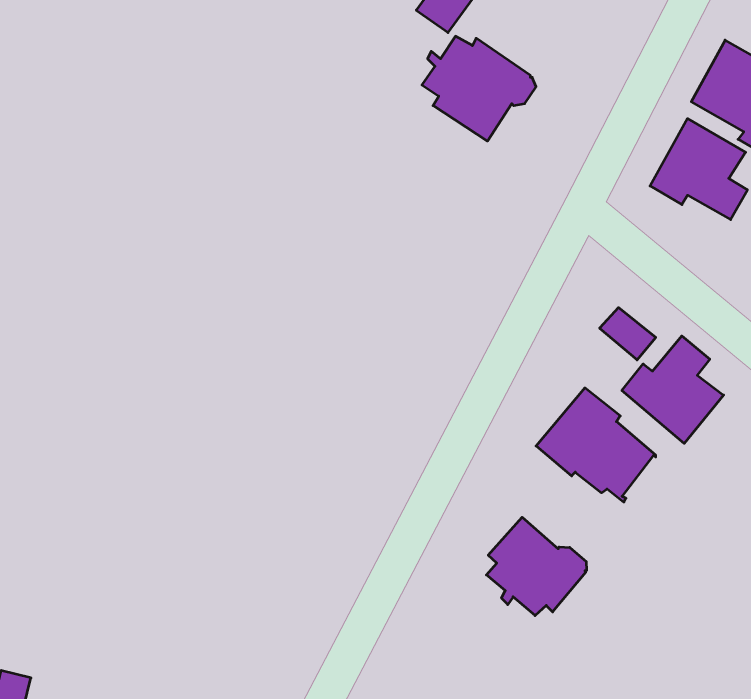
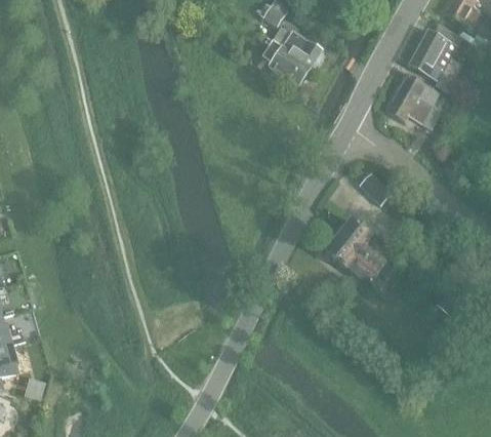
building: [622,336,724,443] -> none
building: [486,517,587,616] -> none

